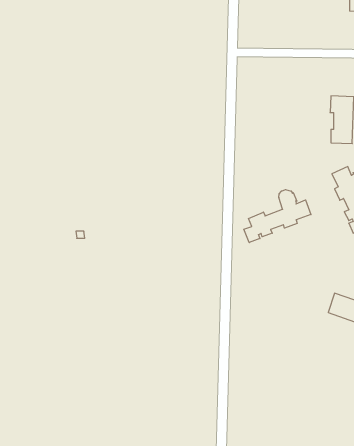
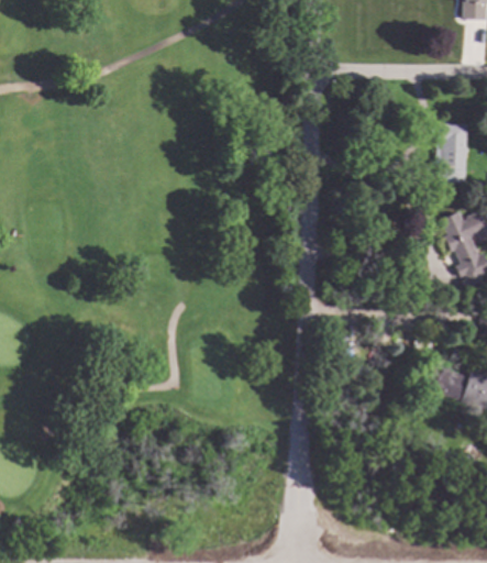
building: [244,190,311,243] -> none

